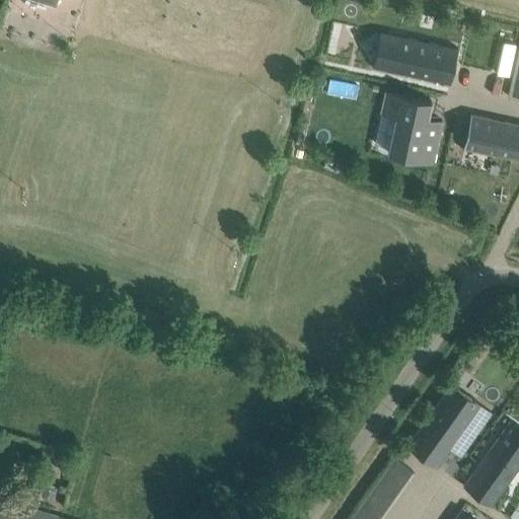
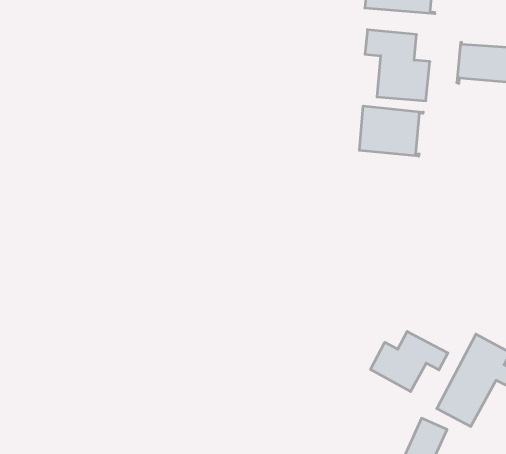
building: none -> [359,106,423,156]
building: none -> [371,331,448,392]

